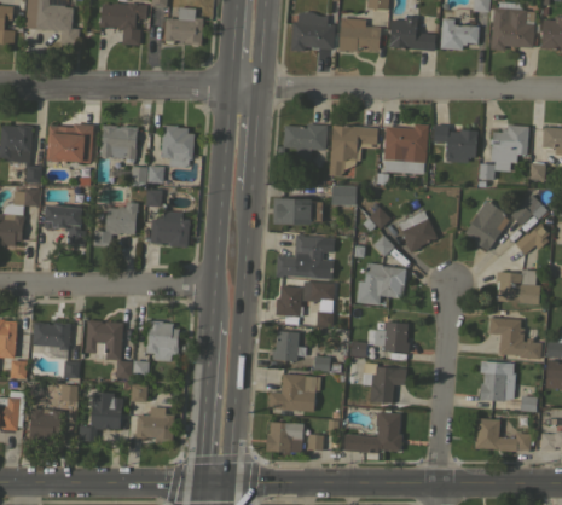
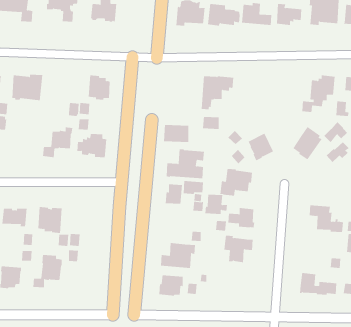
building: [100,124,139,162] -> none
building: [278,124,328,161] -> none
building: [384,124,429,162] -> none
building: [434,124,479,163] -> none
building: [45,205,86,246] -> none
building: [497,269,540,304] -> none
building: [146,320,181,361] -> none
building: [272,331,307,361] -> [204,194,228,214]
building: [480,361,516,401] -> none
building: [137,407,175,442] -> none
building: [344,412,402,453] -> none

